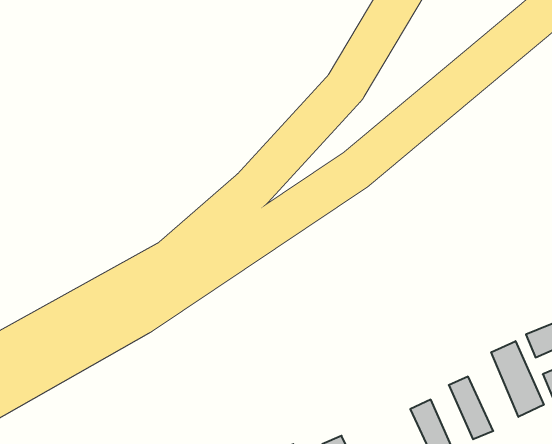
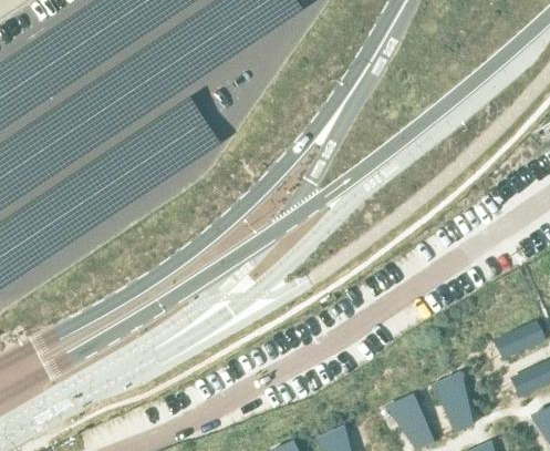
building: [491,341,544,417] -> none

